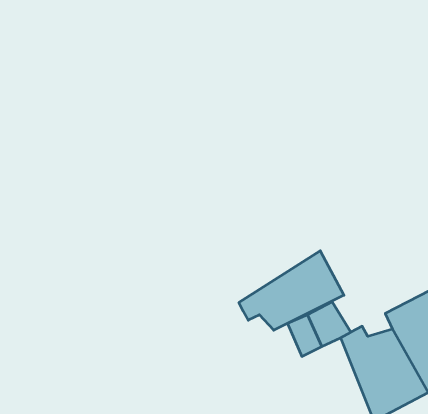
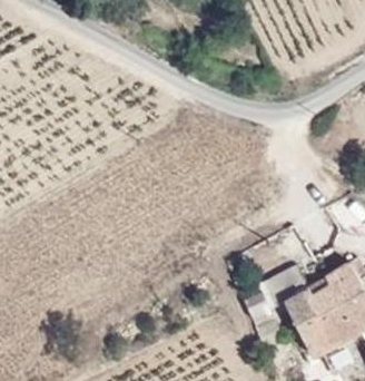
building: [239,251,344,330] -> none

